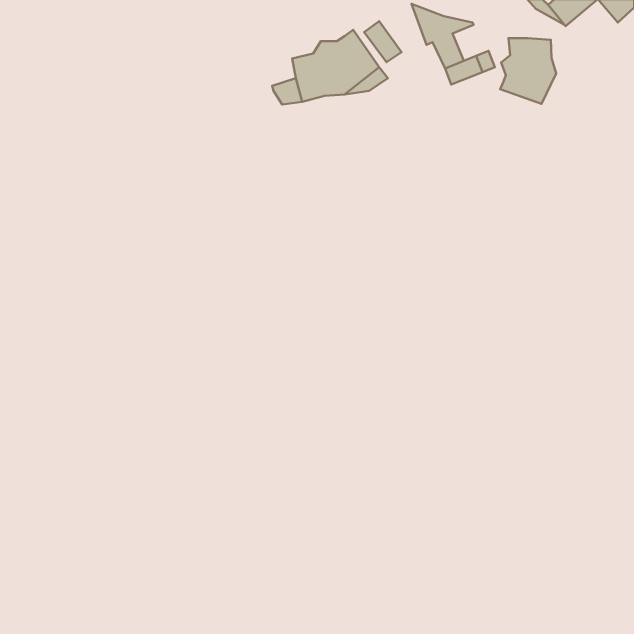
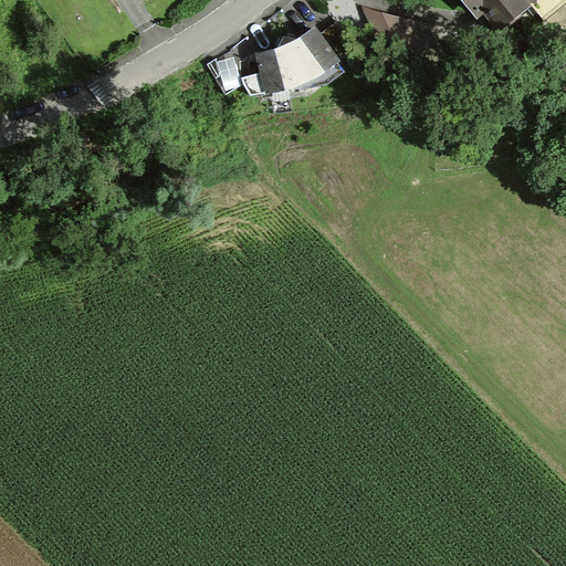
building: [500,38,556,104] -> none

